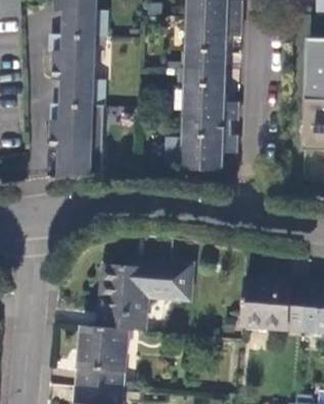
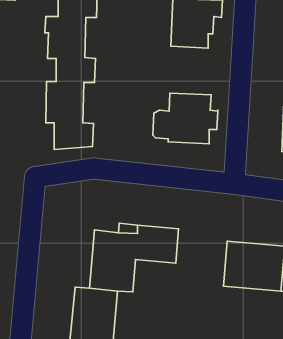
building: [183,68,236,120] -> none

